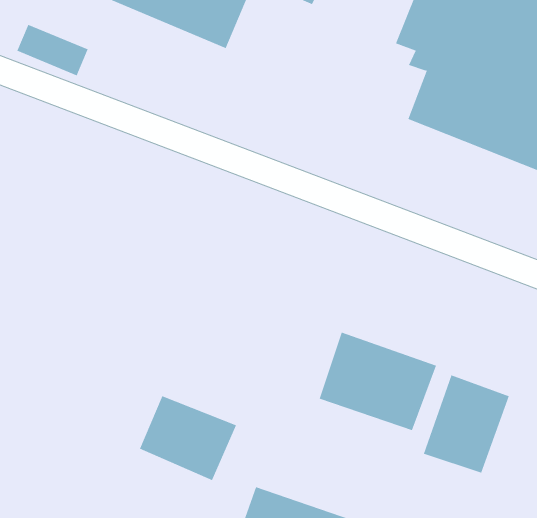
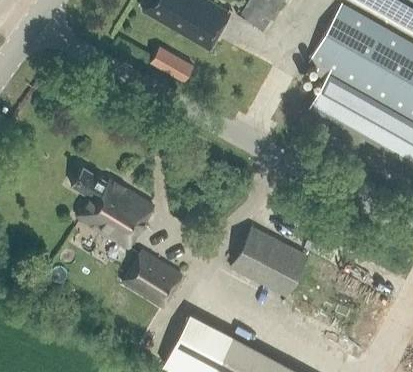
building: [16,24,89,76] -> [151,47,194,82]
building: none -> [72,167,155,248]
building: [423,374,510,474] -> none

